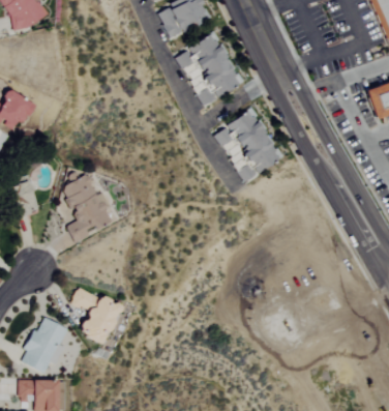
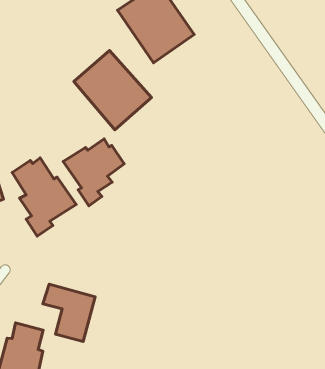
building: [215,111,282,182] -> [74,51,152,130]
building: none -> [63,139,124,206]

